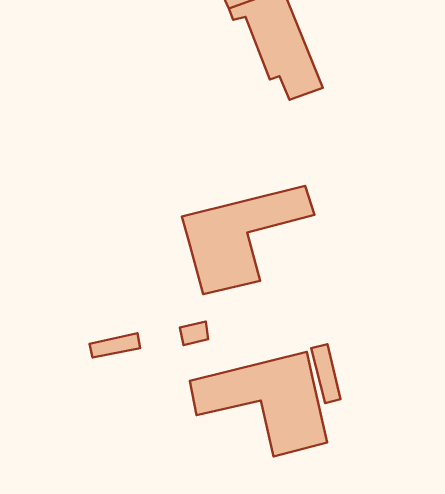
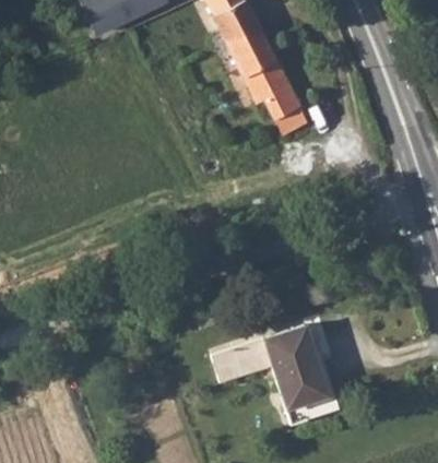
building: [182,186,314,294] -> none

